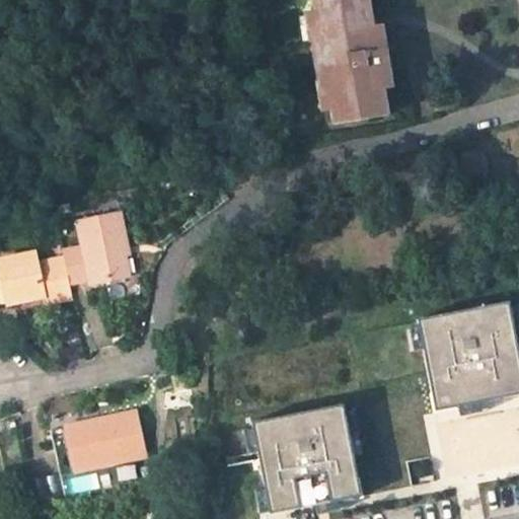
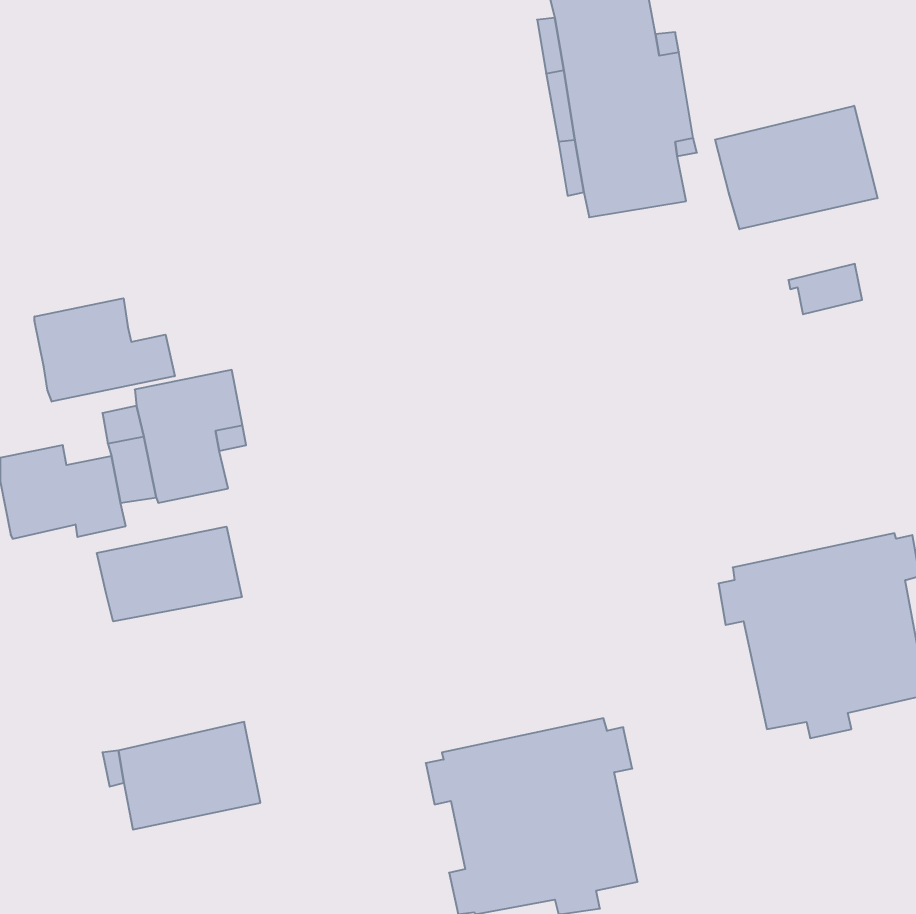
building: none -> [715,106,878,229]
building: none -> [35,298,175,402]
building: none -> [97,527,242,621]

